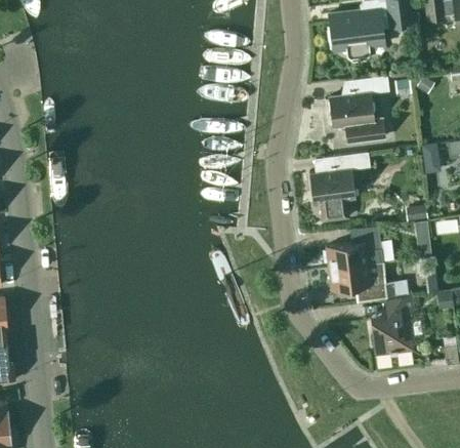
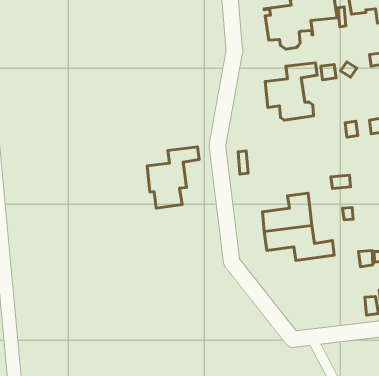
building: [309,153,369,222] -> [147,147,199,208]
building: [370,296,415,355] -> none

